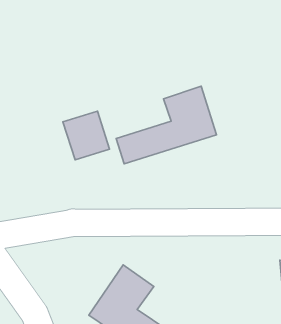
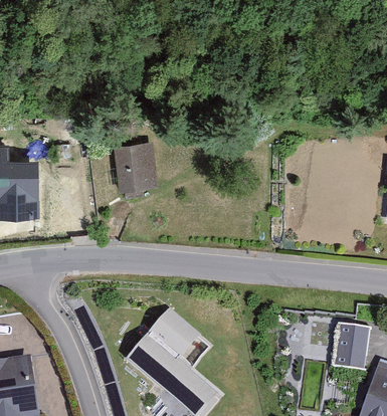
building: [116,86,217,164] -> none

